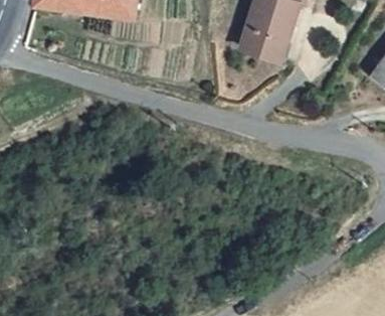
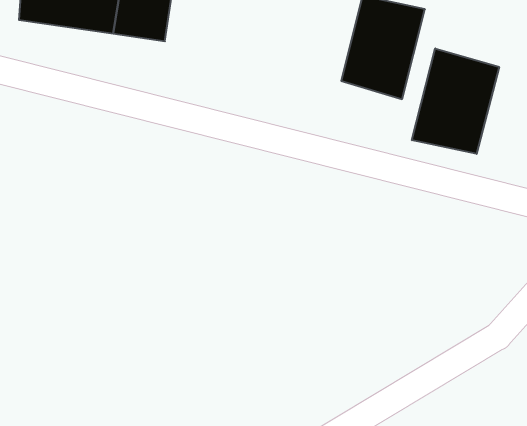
building: none -> [412,48,499,154]

